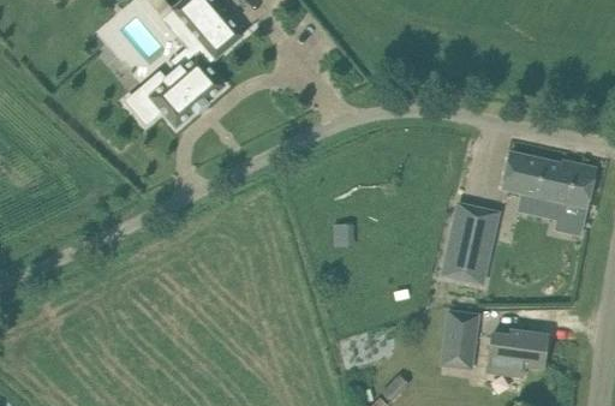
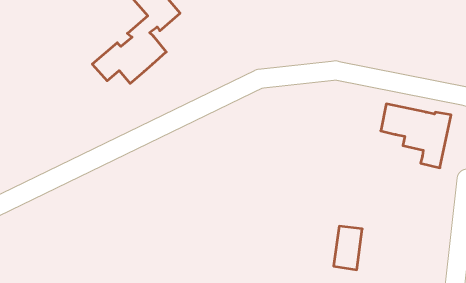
building: [441,199,500,283] -> none
building: [488,329,548,378] -> none

